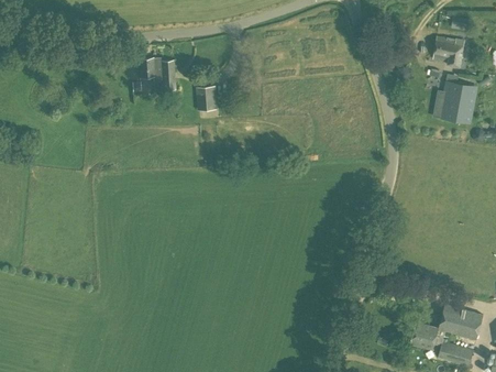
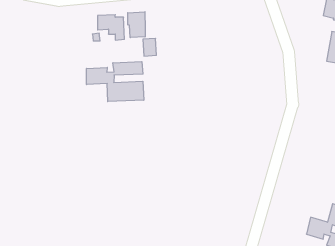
building: none -> [128,12,145,38]
building: none -> [87,62,144,102]

